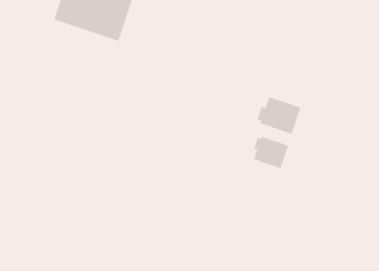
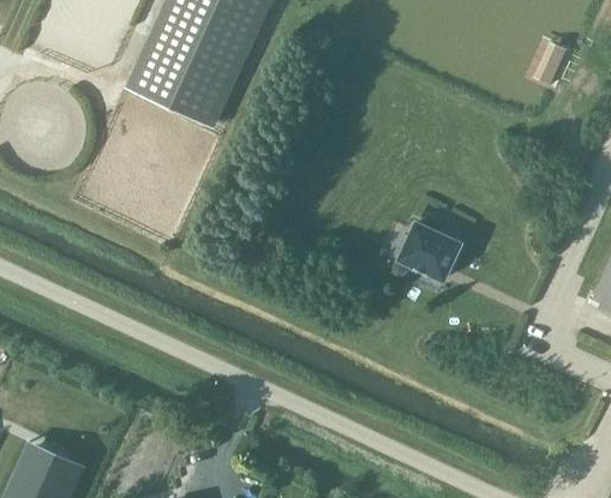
building: [253,136,289,169] -> none

